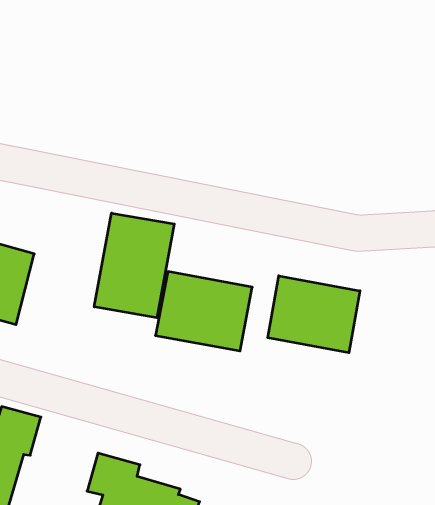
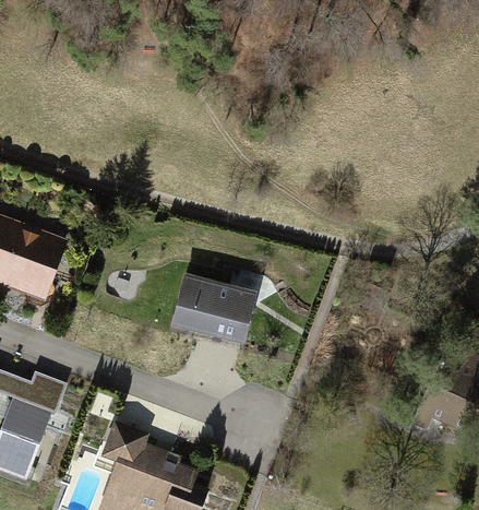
building: [94,213,174,318] -> none
building: [268,276,360,353] -> none

